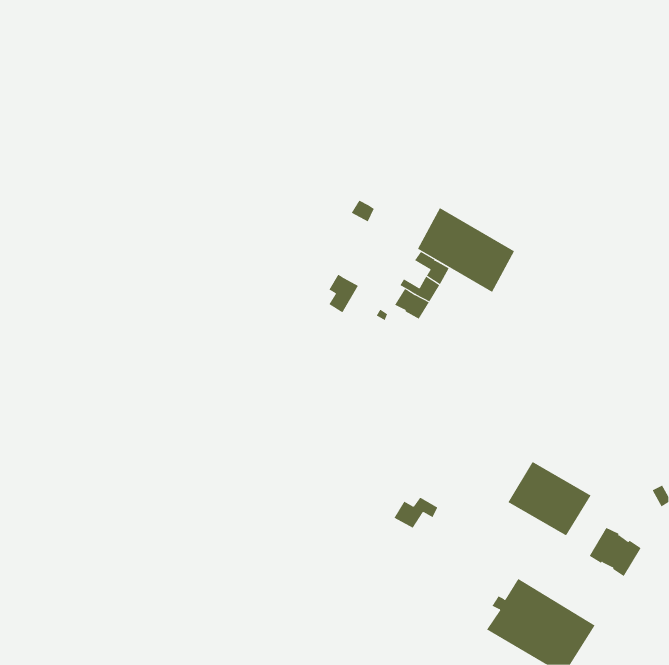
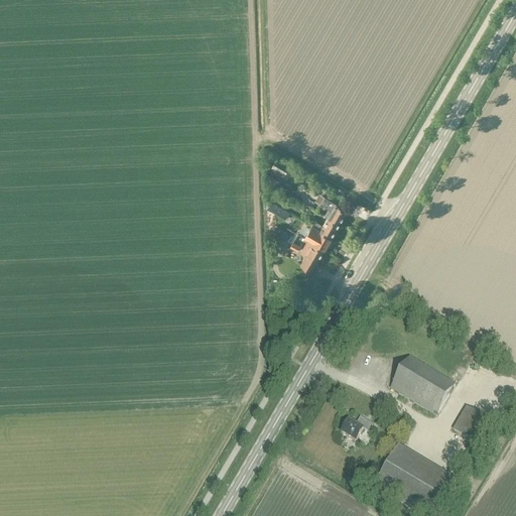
building: [417,207,515,293] -> none
building: [329,274,359,313] -> [298,236,321,266]
building: [393,497,438,528] -> [339,413,373,437]

